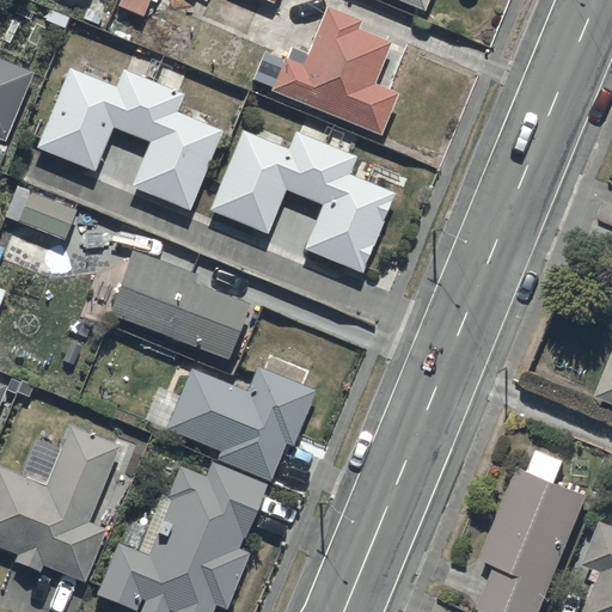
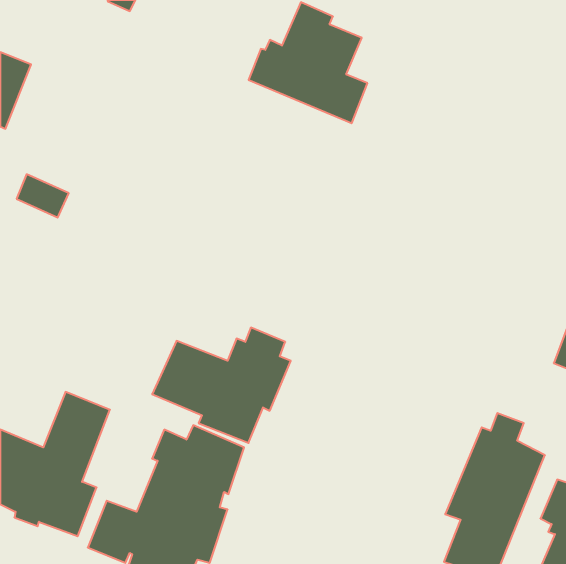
building: [37,67,222,210] -> none
building: [208,130,393,273] -> none
building: [110,251,247,359] -> none

